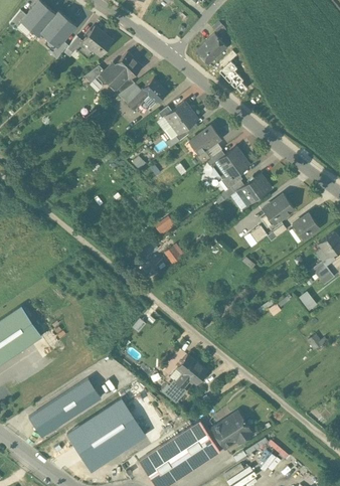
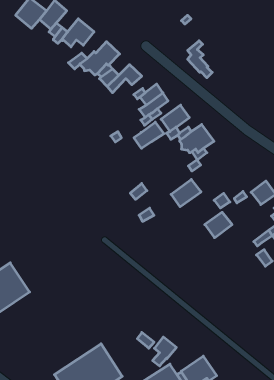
building: [196,35,227,65] -> none
building: none -> [134,122,164,148]
building: [237,175,272,206] -> [171,179,201,207]
building: [264,195,295,224] -> [205,212,232,238]
building: [176,355,203,388] -> [153,337,176,366]
building: [26,371,100,431] -> none

